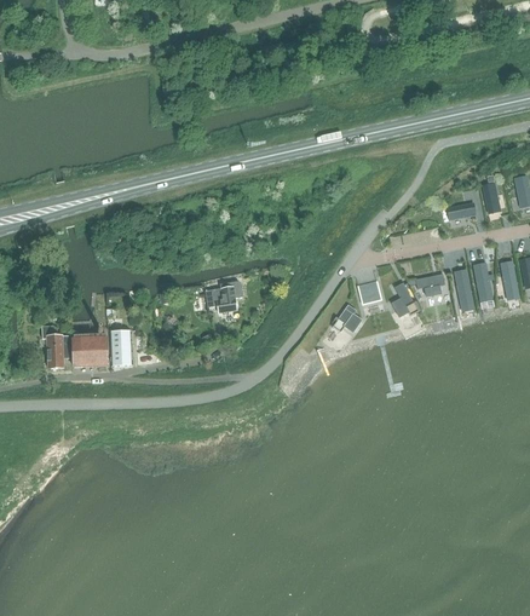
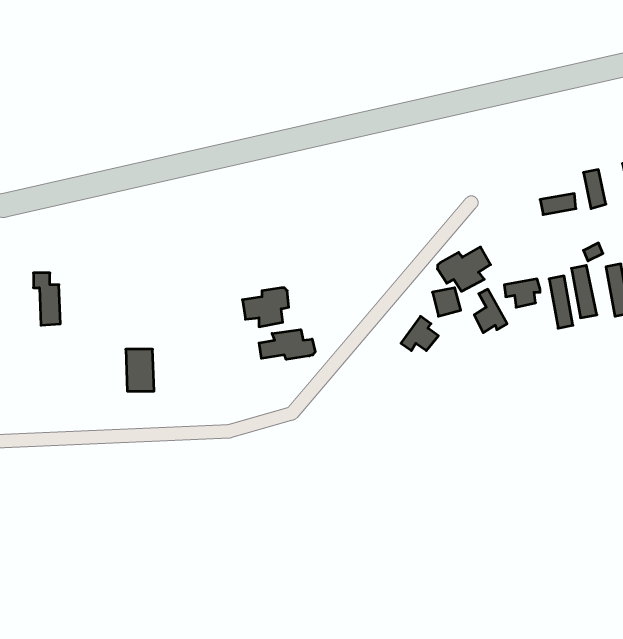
building: none -> [437,247,491,291]
building: none -> [259,330,315,359]
building: [44,326,65,368] -> [33,273,60,325]
building: [74,335,110,367] -> none

